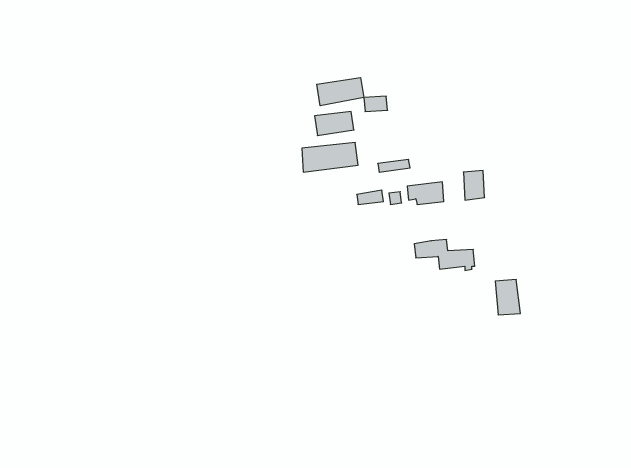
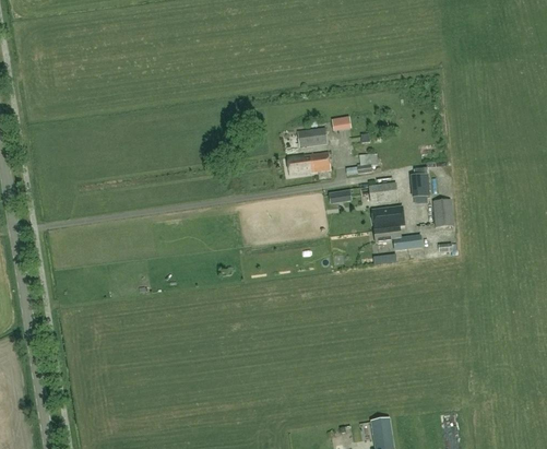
building: [317,78,364,106] -> none
building: none -> [372,208,405,229]
building: [495,280,520,315] -> [433,200,453,227]

